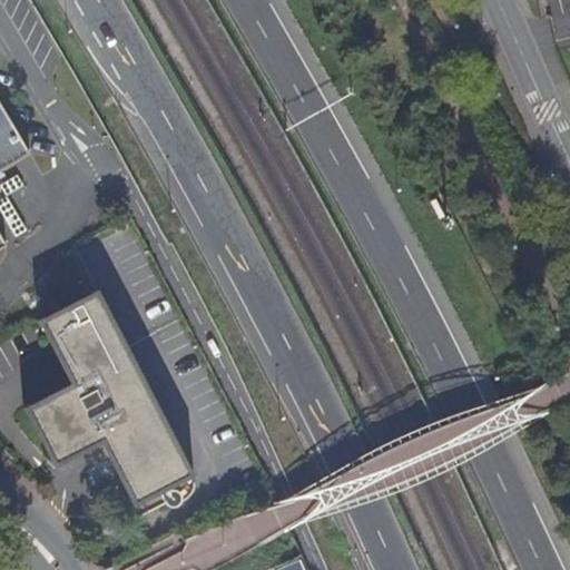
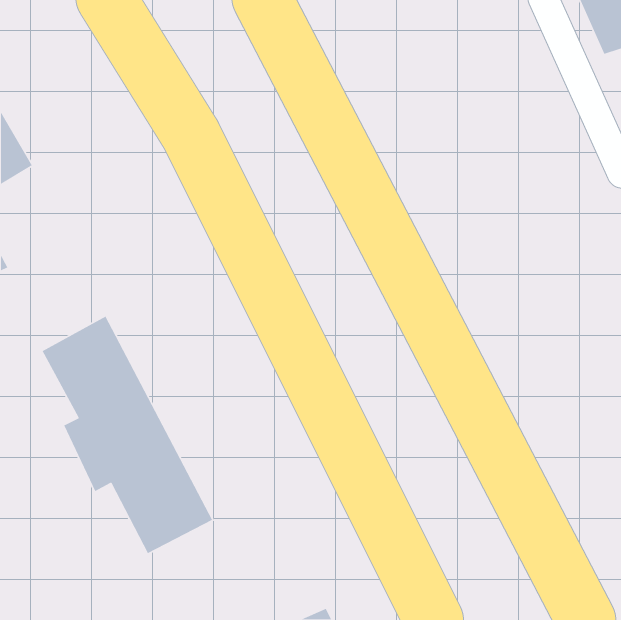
building: [26,389,88,465] -> none

